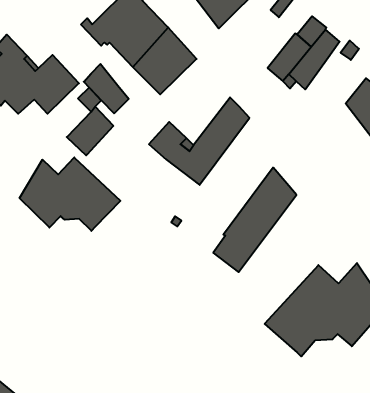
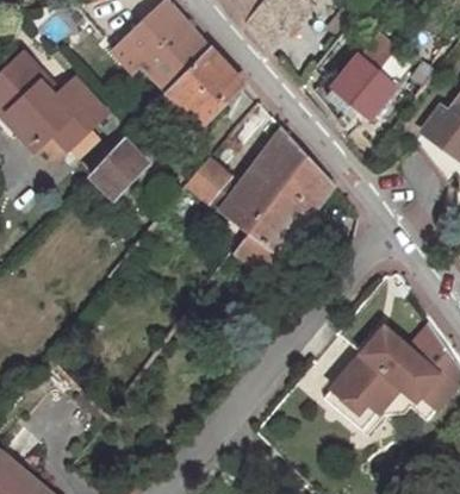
building: [84,64,129,113] -> none
building: [20,157,120,231] -> none
building: [213,168,296,272] -> [235,152,332,275]

